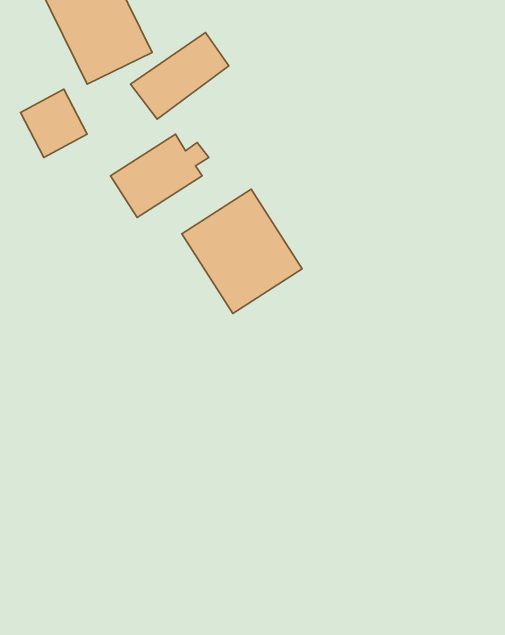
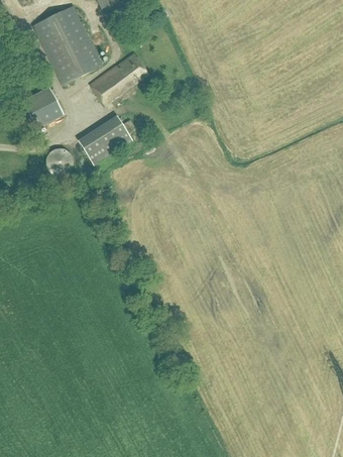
building: none -> [45,147,73,176]
building: [182,189,302,313] -> none

